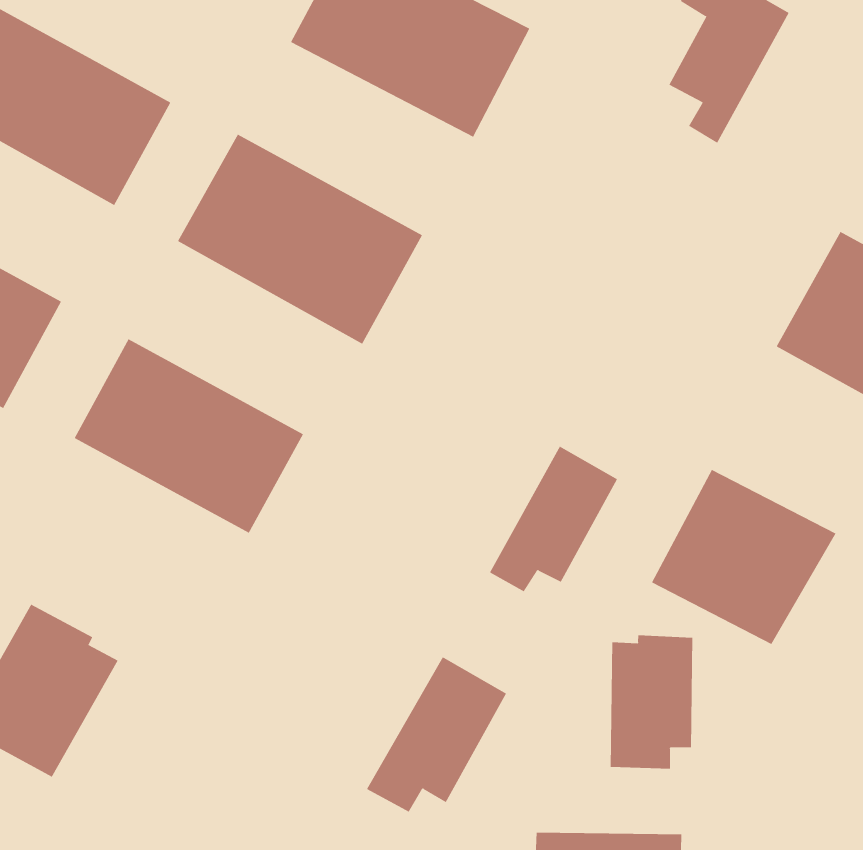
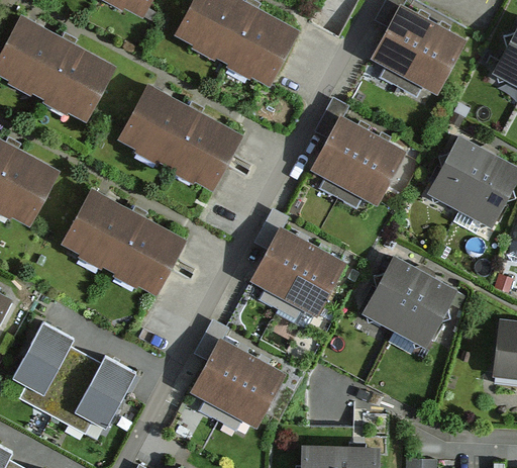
building: none -> [397,21,468,99]
building: none -> [311,101,404,211]
building: none -> [249,210,315,311]
building: none -> [188,320,254,424]
building: [610,635,693,769] -> none
building: none -> [53,357,136,435]

